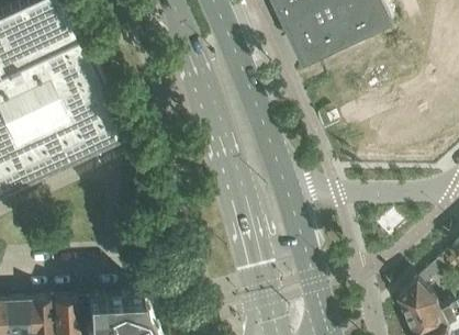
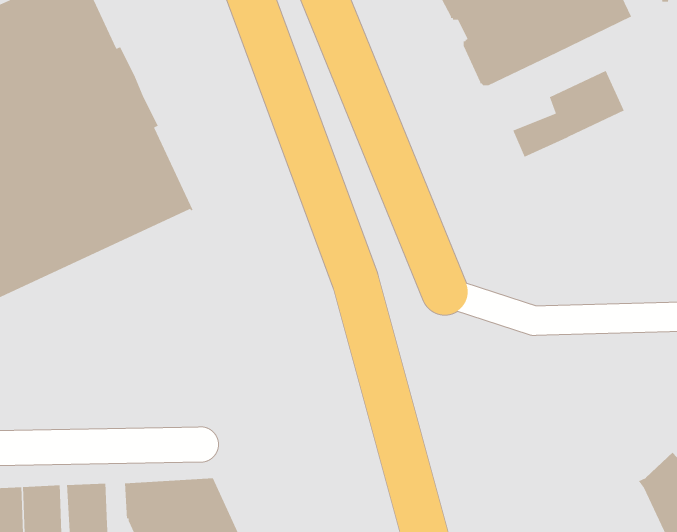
building: none -> [512,70,625,158]

